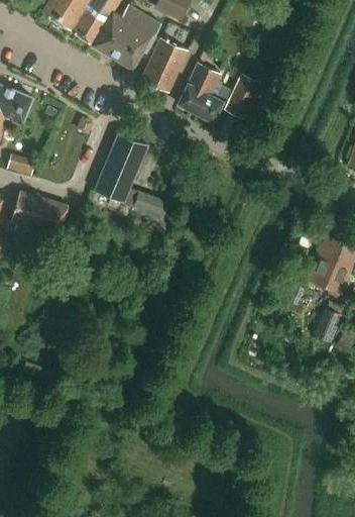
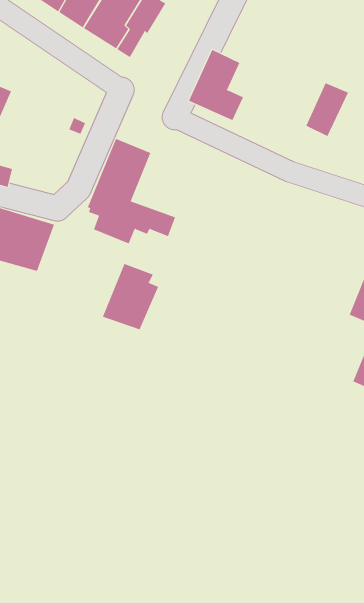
building: [142,38,188,91] -> none
building: [226,74,261,118] -> [305,82,349,137]
building: none -> [102,263,159,330]

